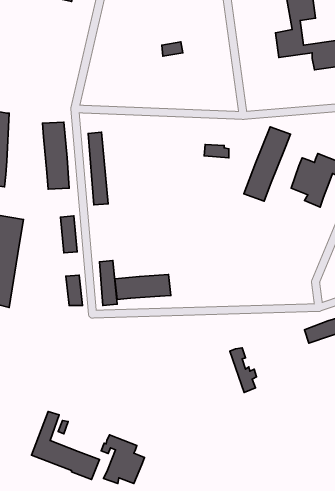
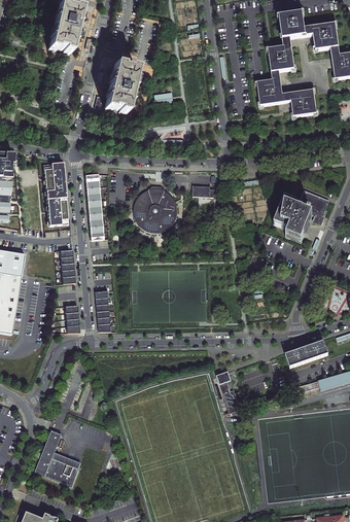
building: none -> [96,62,137,111]
building: [244,127,291,201] -> none
building: none -> [135,186,179,231]
building: [115,275,171,300] -> none
building: [101,435,144,484] -> none

